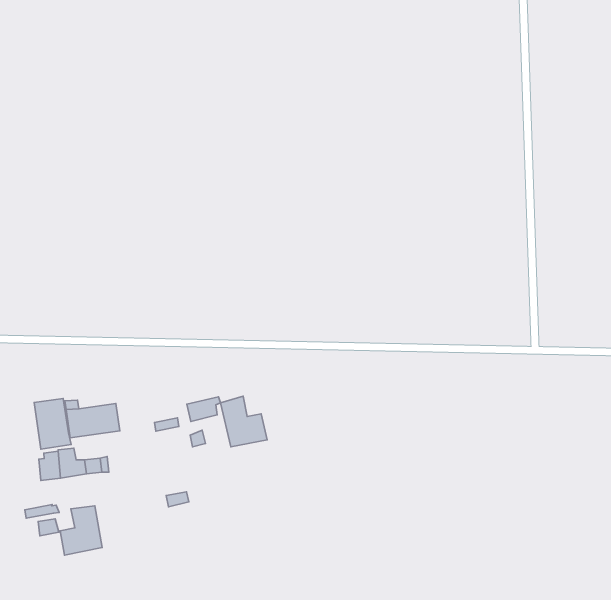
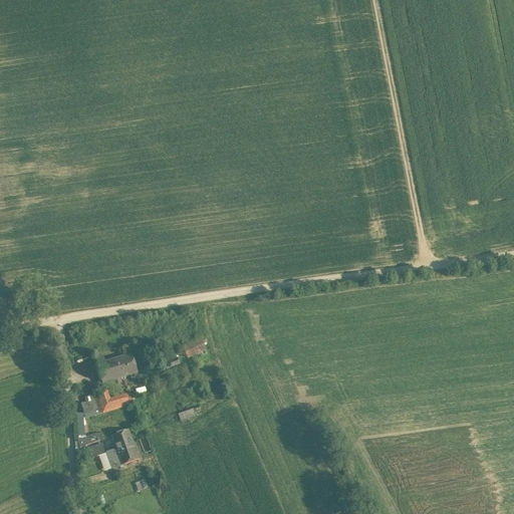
building: [220,396,267,447] -> none
building: [34,398,71,449] -> none

